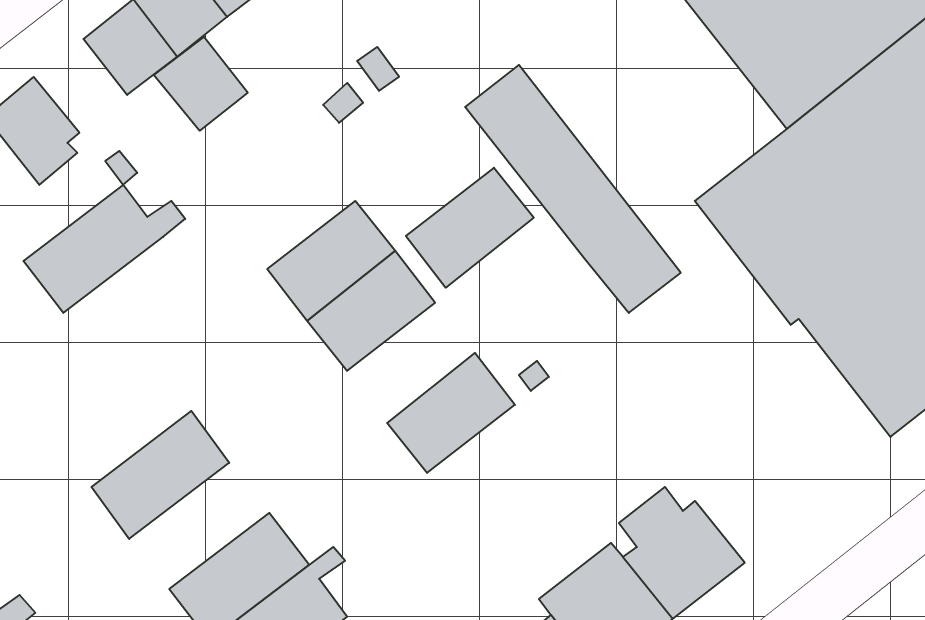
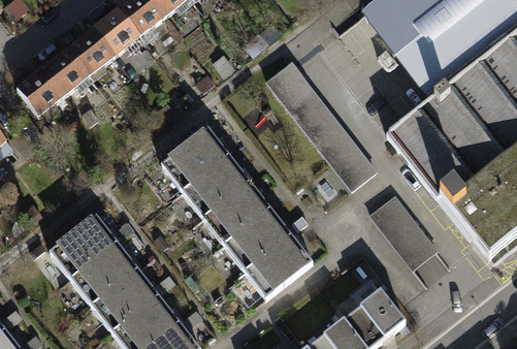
building: [154,37,248,131] -> [40,47,89,96]
building: [406,168,534,288] -> [202,184,268,246]
building: [23,185,185,313] -> [50,213,133,279]
building: none -> [366,193,434,268]
building: none -> [244,236,310,298]
building: none -> [90,266,174,331]

